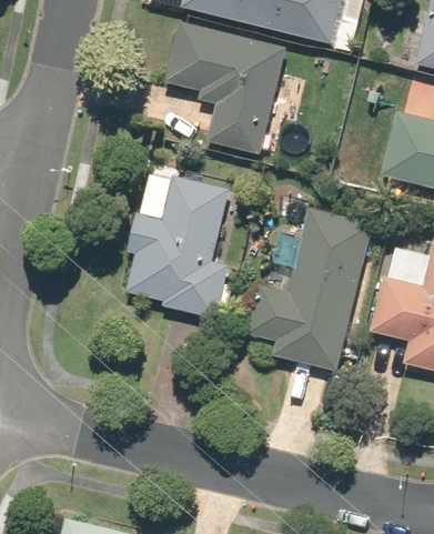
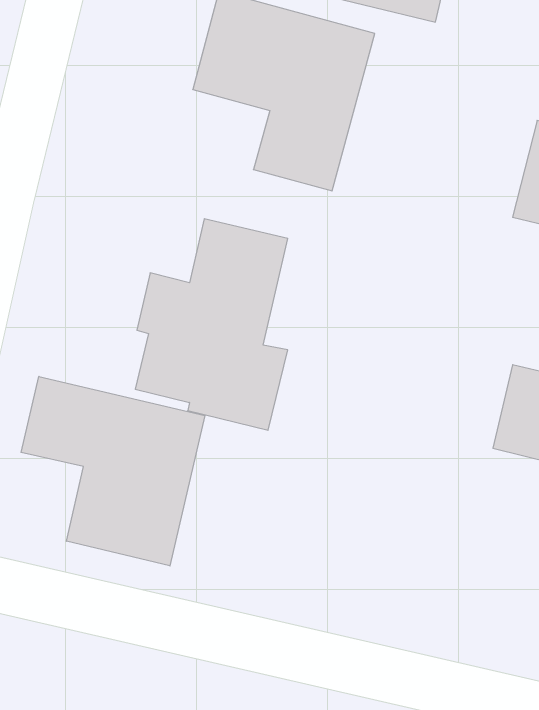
building: [248,206,374,370] -> none
building: none -> [21,376,205,566]

